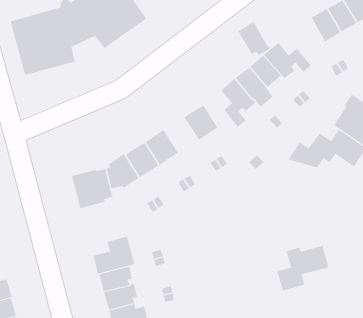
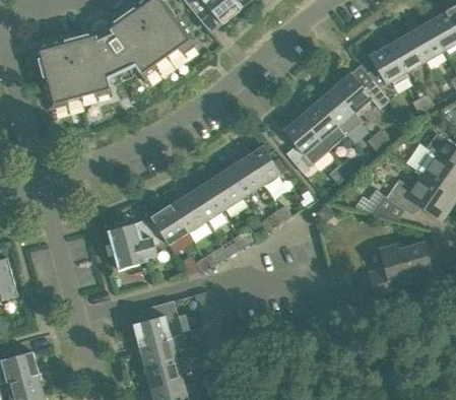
building: [237,21,270,56] -> [368,45,407,85]
building: none -> [215,161,256,203]
building: [276,245,329,291] -> [368,243,430,296]

